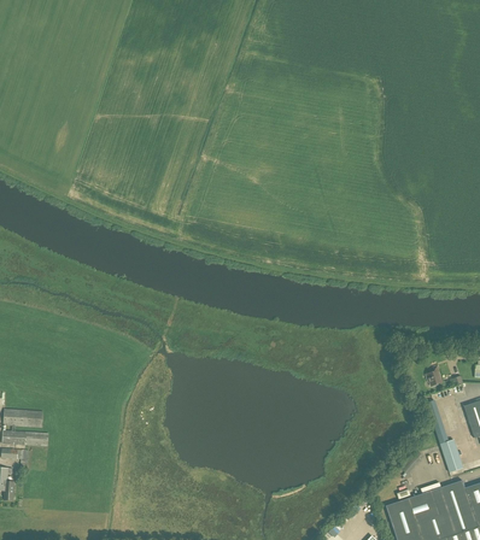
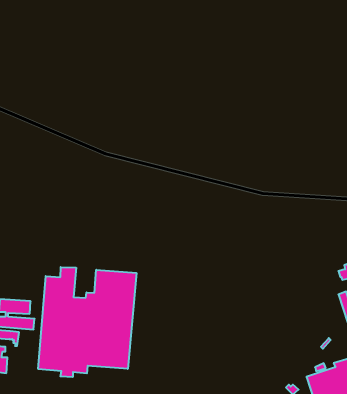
building: none -> [38,267,136,377]

